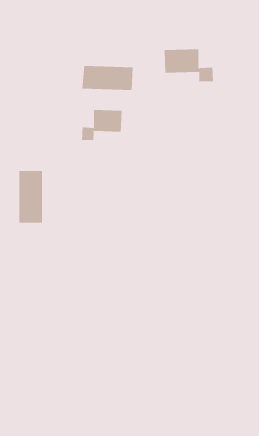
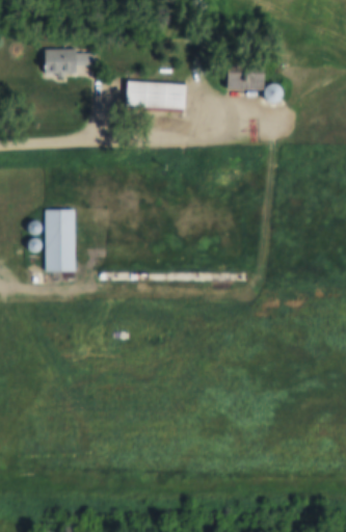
building: none -> [42,51,96,74]
building: [81,109,122,141] -> none

